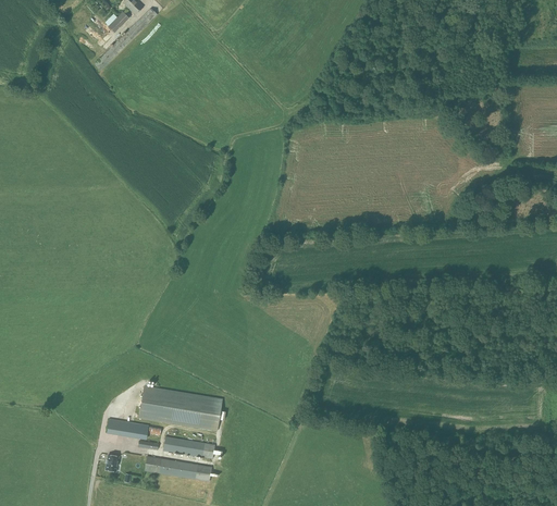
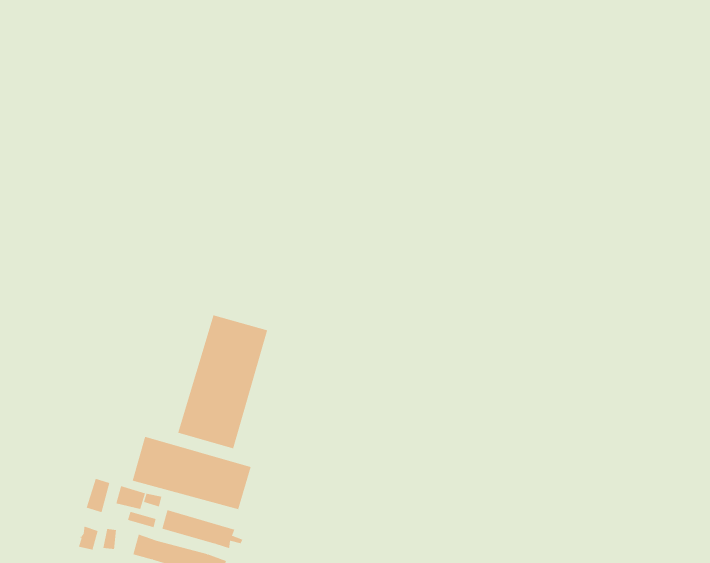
building: none -> [177,315,268,449]

